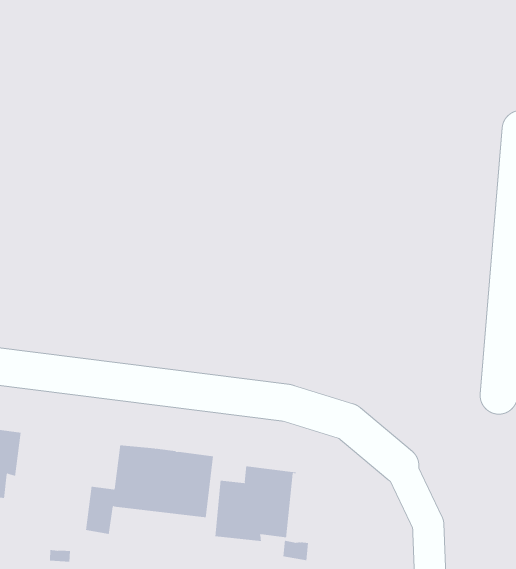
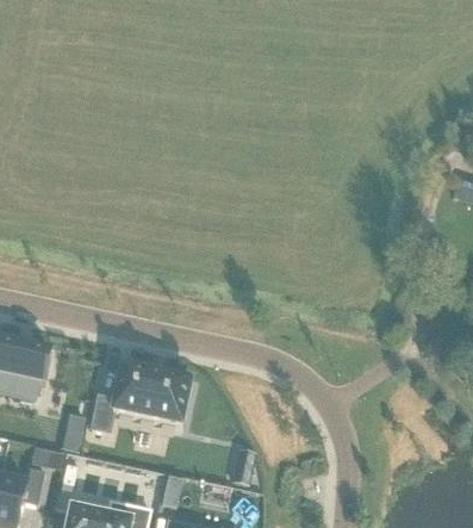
building: [215,466,296,542] -> none

